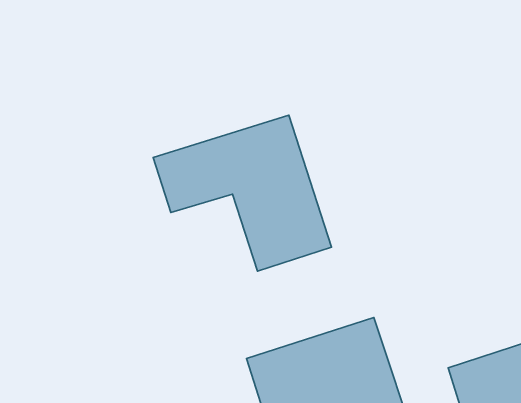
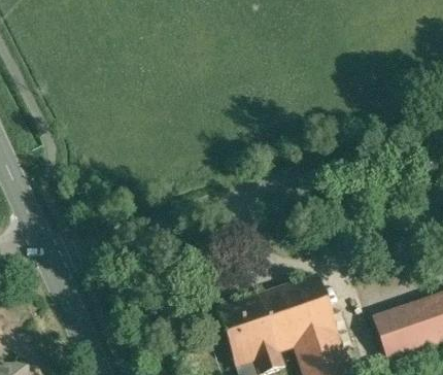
building: [153,115,331,271] -> none

